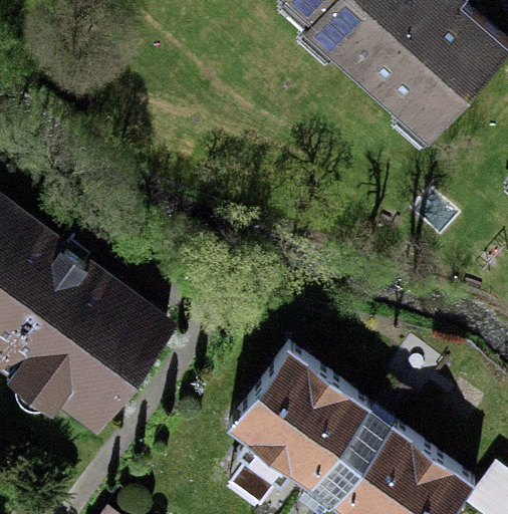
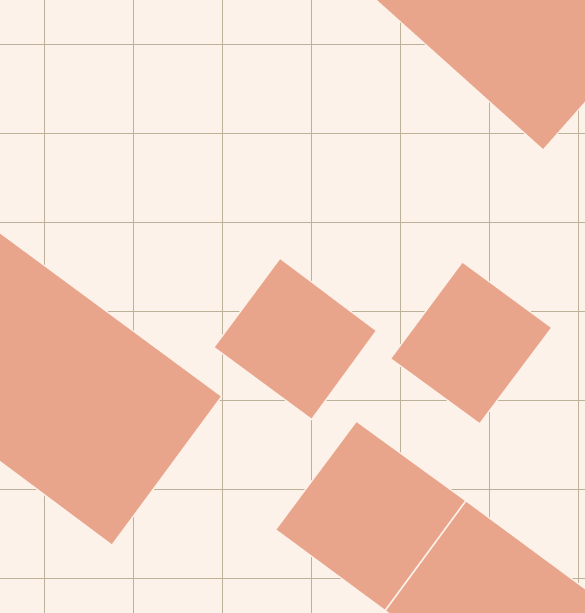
building: none -> [214,258,376,420]
building: none -> [391,262,552,424]

